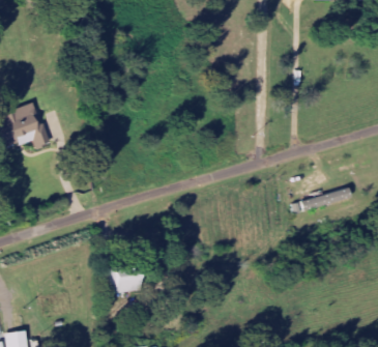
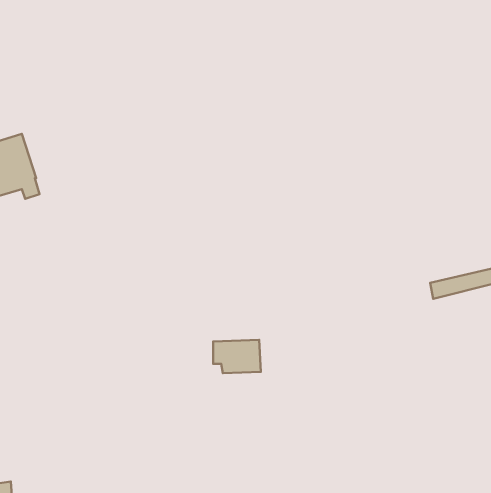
building: [111,269,142,291] -> [213,340,261,373]

